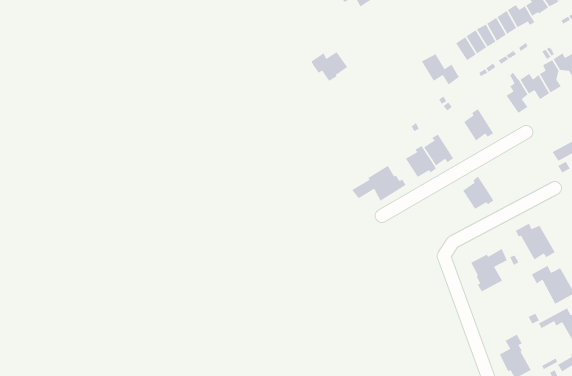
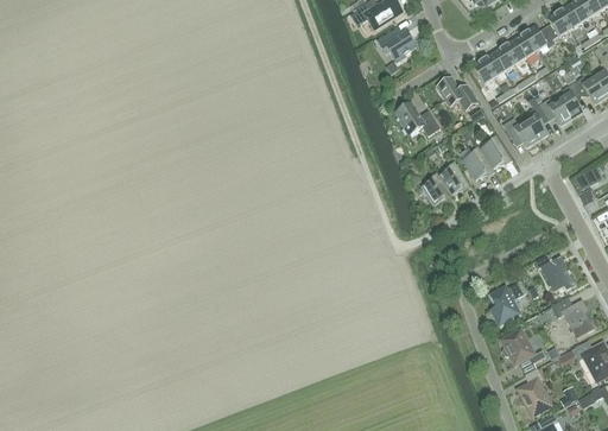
building: [311,51,348,82] -> [378,28,417,61]
building: none -> [397,101,441,134]
building: none -> [504,115,538,146]
building: [351,165,406,202] -> none
building: [462,176,494,210] -> [462,144,495,179]
building: none -> [500,327,545,365]

